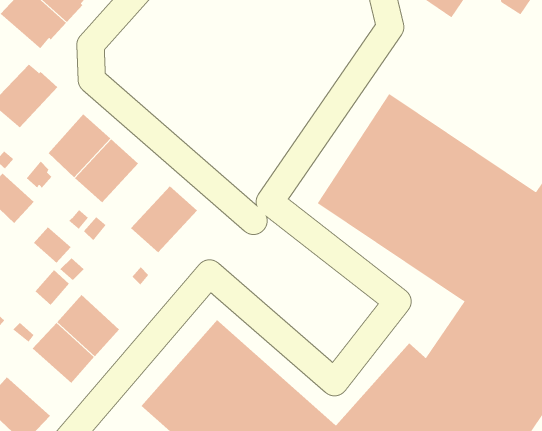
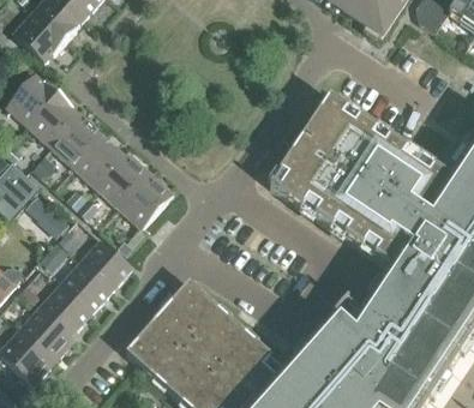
building: none -> [28,92,79,146]
building: none -> [95,151,150,208]
building: none -> [78,239,131,290]
building: none -> [17,306,73,361]

